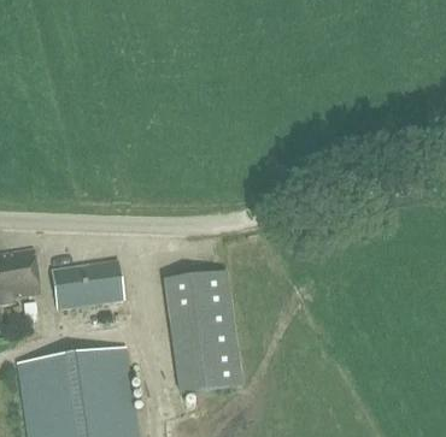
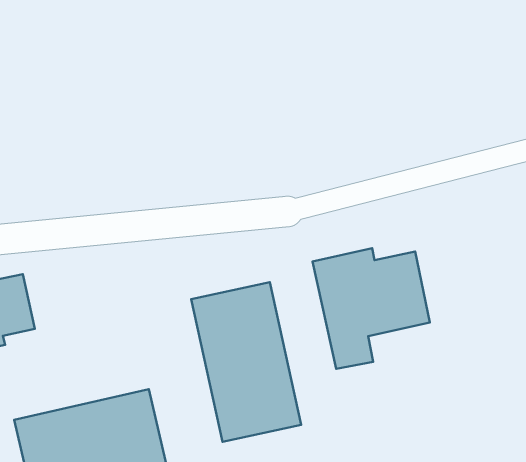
building: none -> [312,248,430,369]
building: [52,259,123,307] -> none

